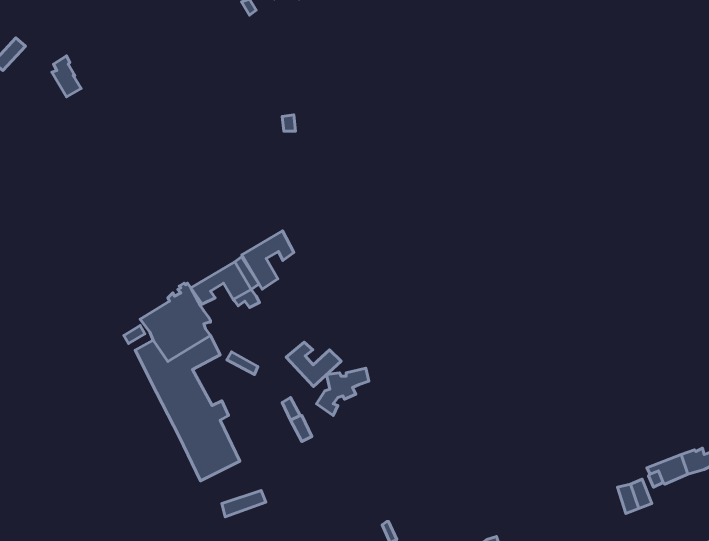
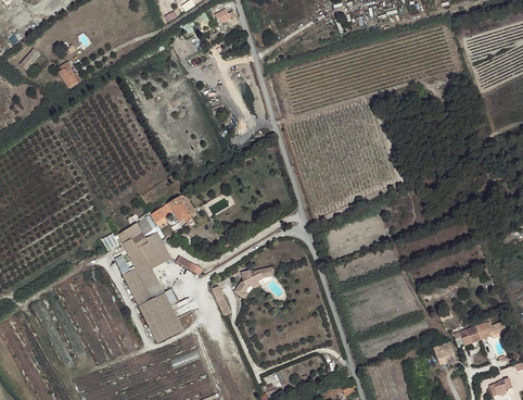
building: [242,231,294,289] -> none
building: [286,342,341,387] -> none

